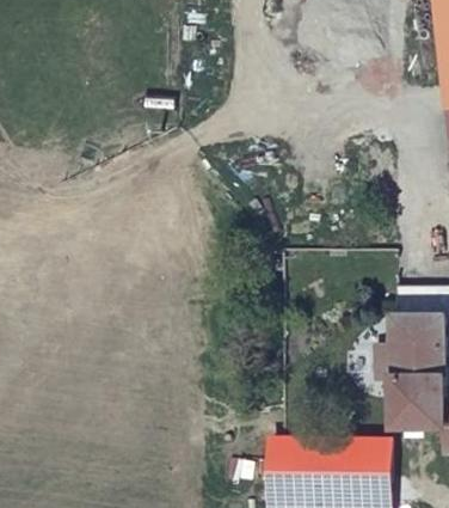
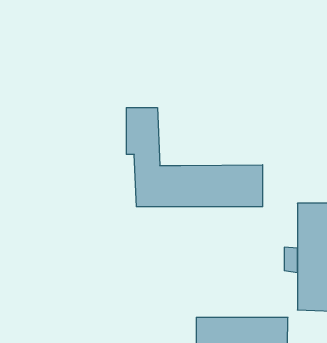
building: none -> [126,108,263,207]

